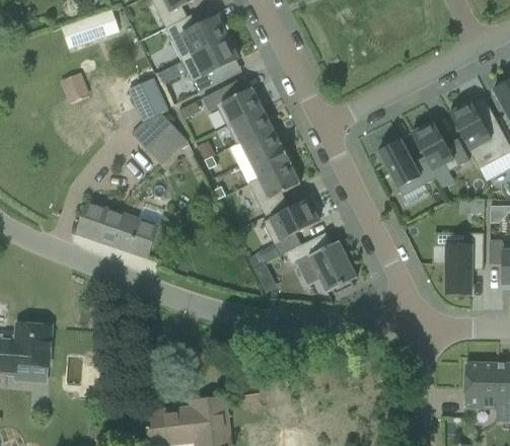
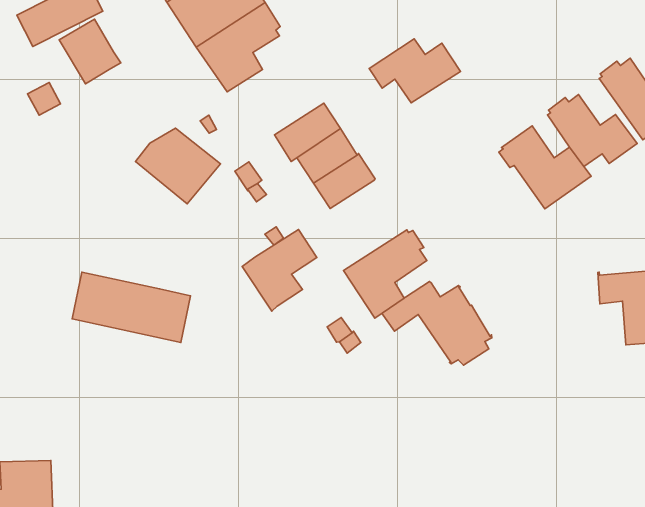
building: [129,78,168,121] -> [59,19,121,84]
building: [202,82,263,125] -> [369,39,460,103]
building: [249,163,300,216] -> [242,229,317,311]

